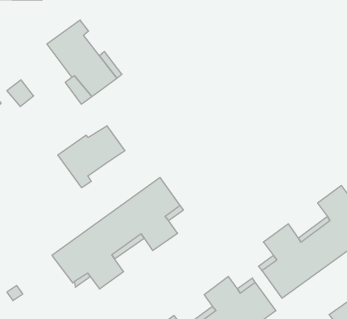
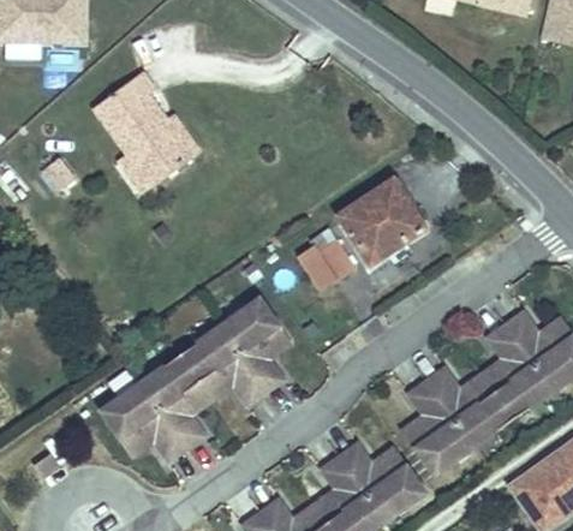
building: none -> [340,185,425,262]
building: [58,126,125,188] -> none
building: none -> [298,244,352,287]

